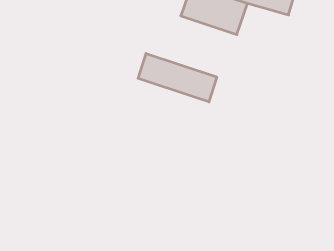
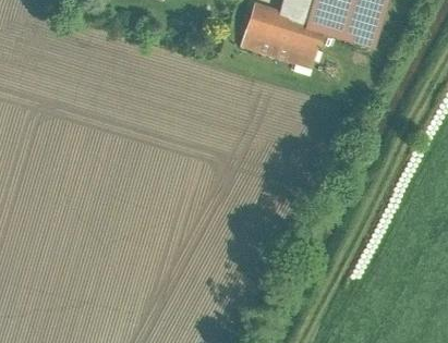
building: [138,53,217,102] -> none

